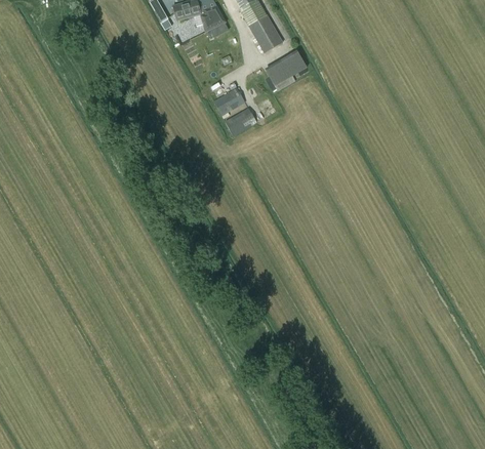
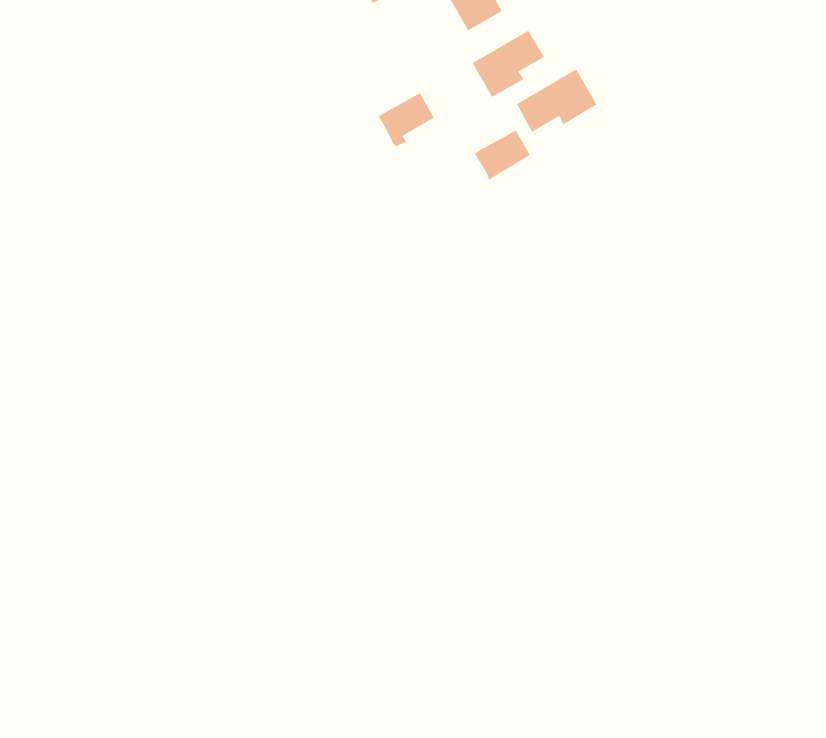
building: none -> [516,69,598,133]
building: [225,107,256,135] -> [474,129,531,181]

